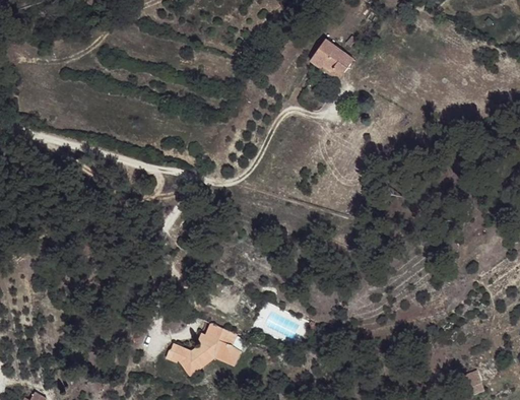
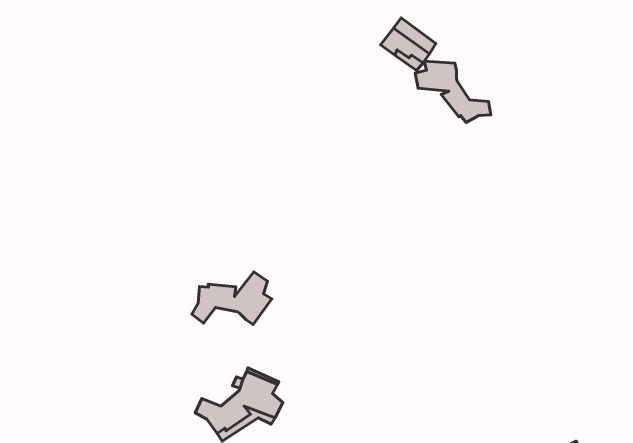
building: none -> [415,61,491,122]
building: none -> [192,272,272,324]

